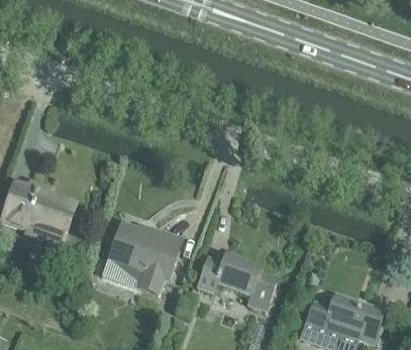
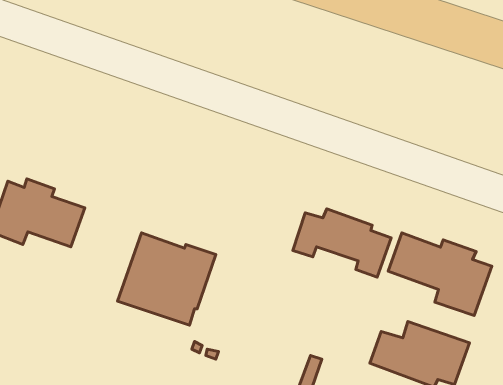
building: none -> [388,233,492,315]
building: [197,255,276,310] -> [293,209,391,277]

